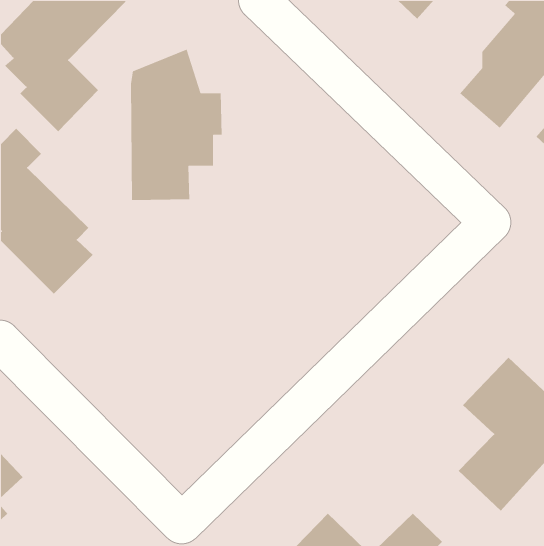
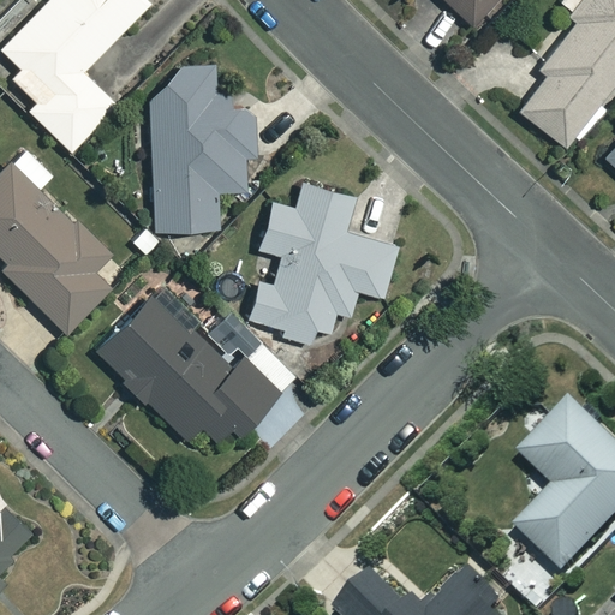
building: none -> [246,181,400,344]
building: none -> [94,282,293,446]

